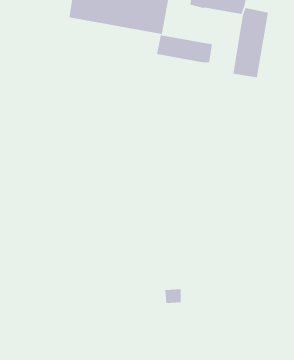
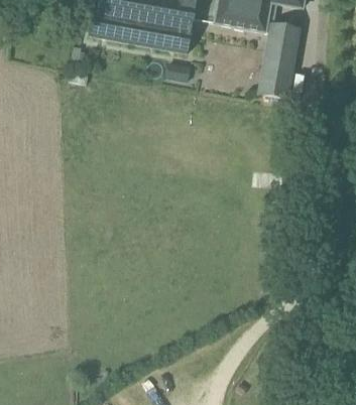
building: [156,35,213,63] -> none

